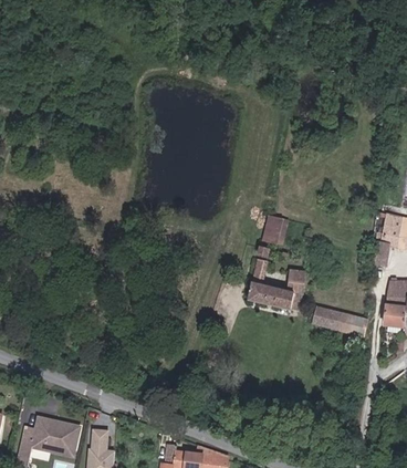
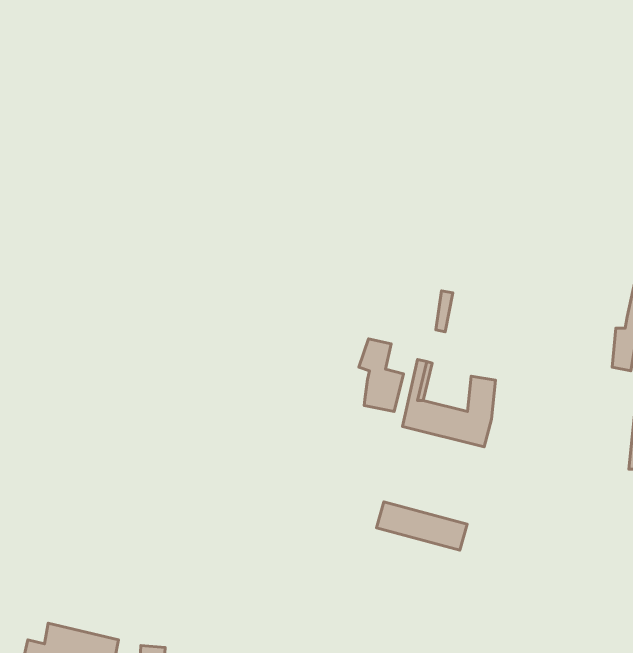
building: none -> [359,339,403,411]
building: [313,306,367,335] -> [376,502,467,550]

